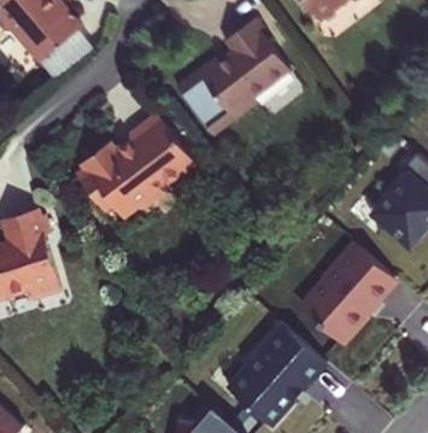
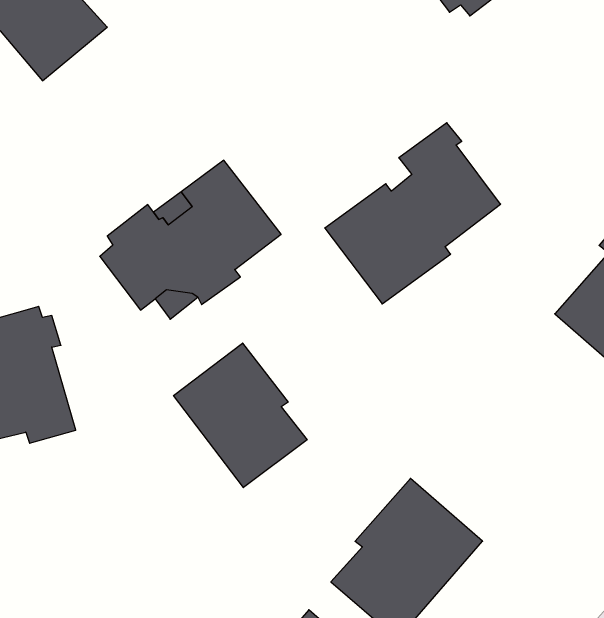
building: [175,17,289,135] -> [325,123,501,304]
building: none -> [174,343,307,488]
building: [303,246,394,340] -> none

